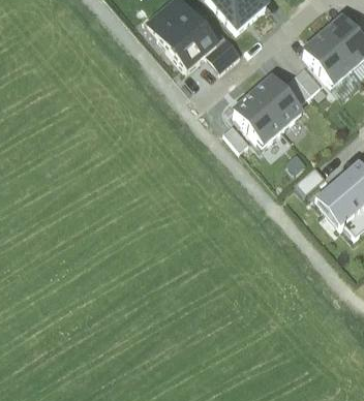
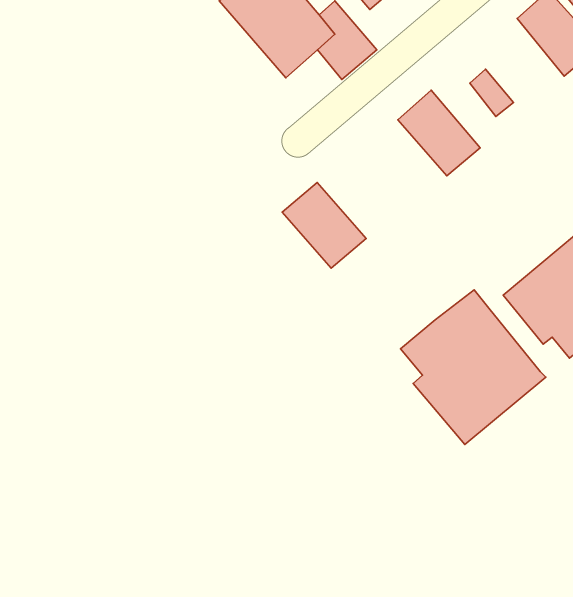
building: [305,32,353,82] -> none
building: [234,92,283,143] -> [282,182,366,268]
building: none -> [400,290,546,445]

